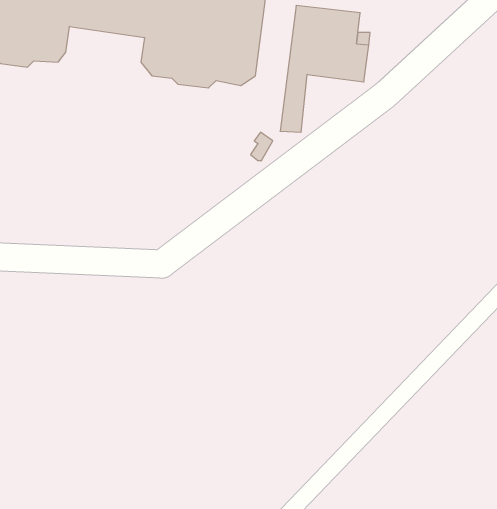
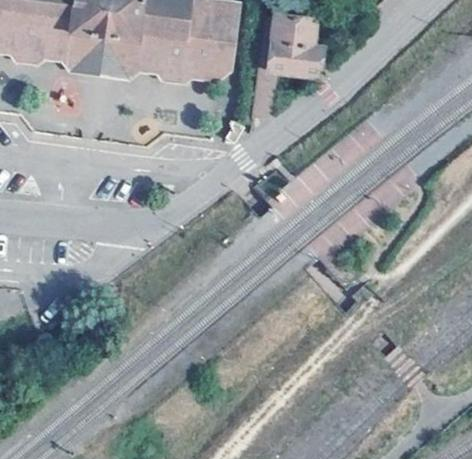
building: none -> [72,31,148,75]

